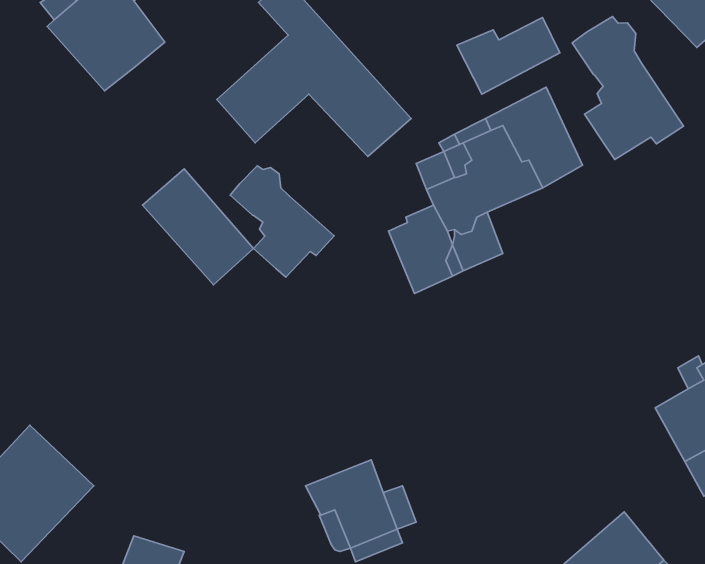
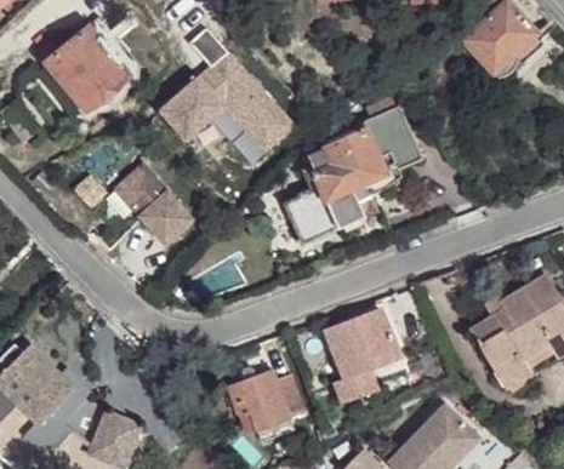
building: [572,17,683,159] -> none
building: [457,18,560,94] -> none
building: [230,166,334,277] -> none
building: none -> [323,309,398,381]

